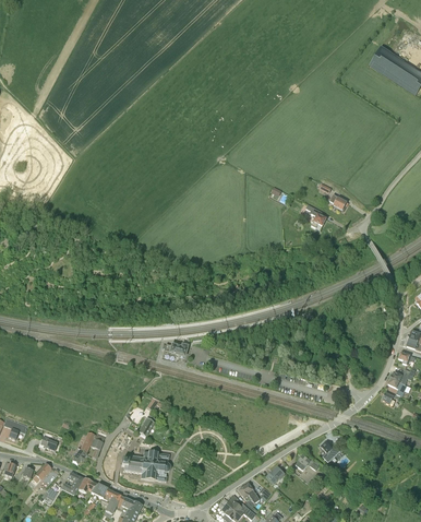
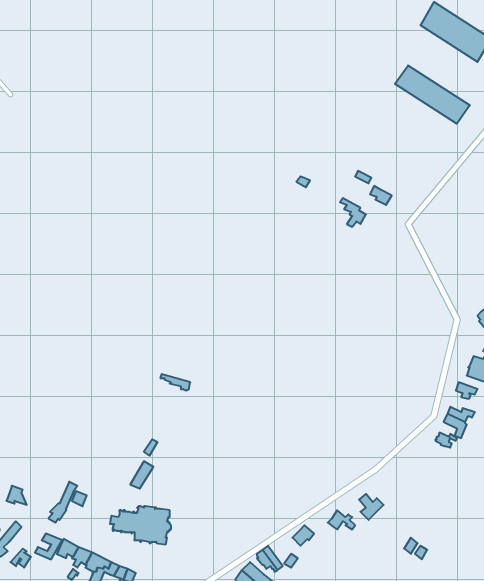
building: none -> [395,65,470,124]

